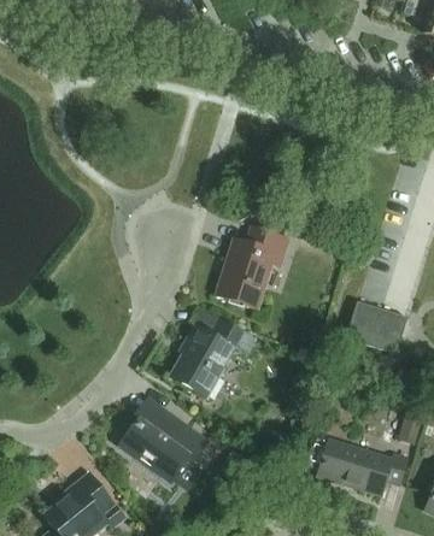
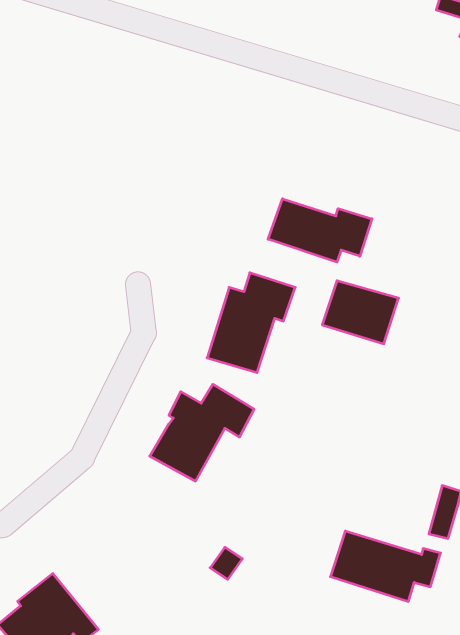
building: none -> [268,199,372,262]
building: [345,301,407,353] -> [322,281,399,344]
building: [119,396,207,481] -> none

